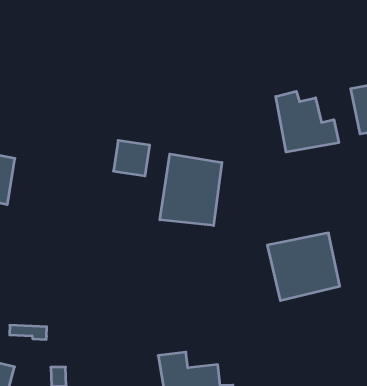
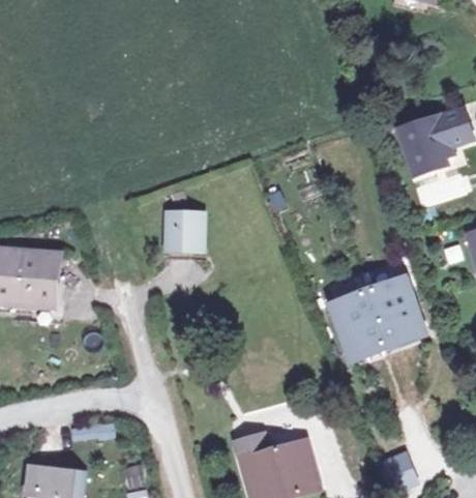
building: [276,91,339,152] -> none
building: [160,154,222,226] -> none

